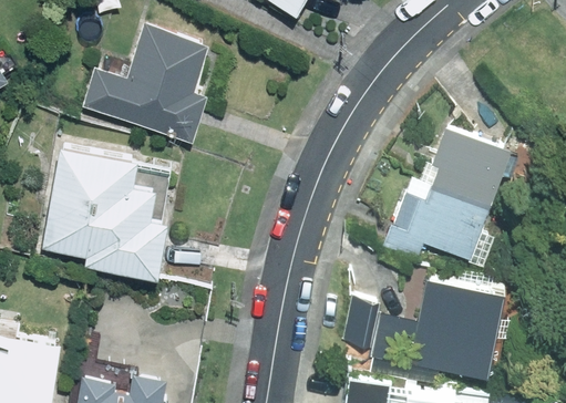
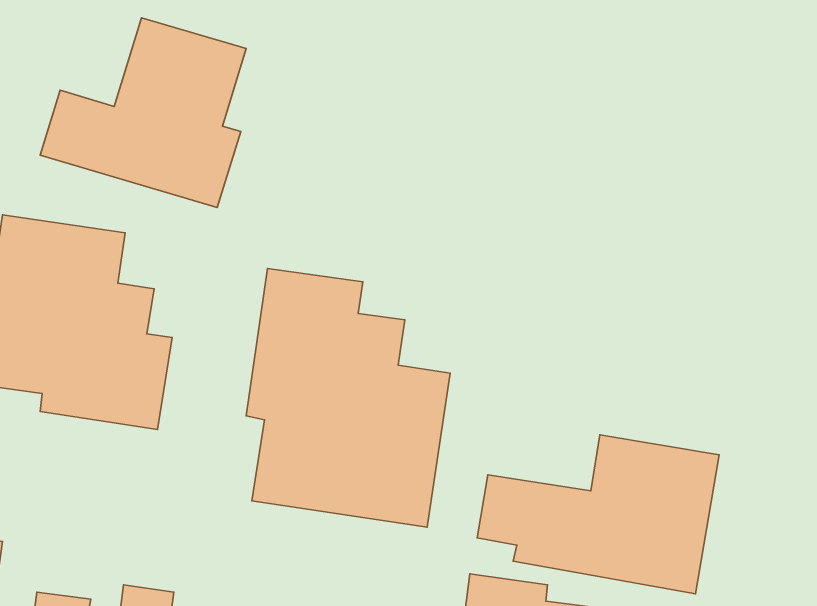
building: [384,132,506,264] -> none
building: none -> [246,269,450,527]

